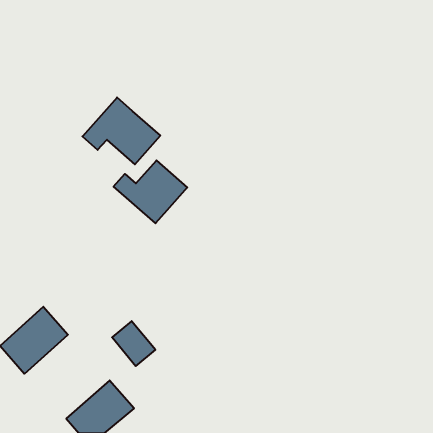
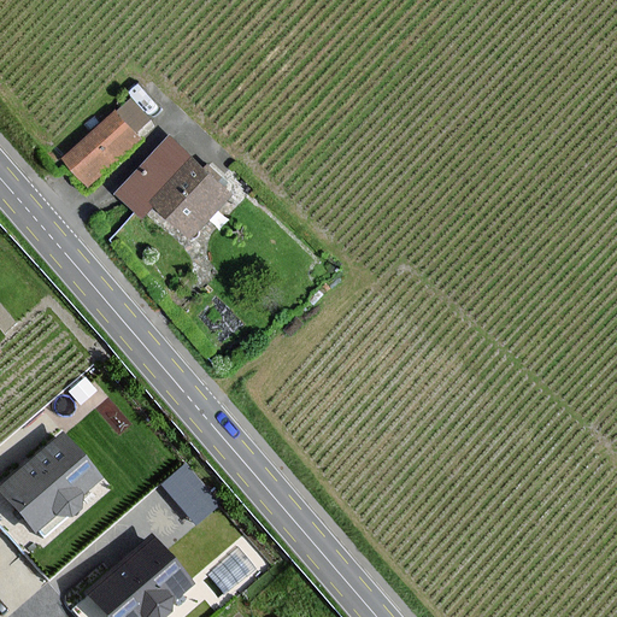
building: none -> [65,114,135,182]
building: [114,160,187,223] -> none

